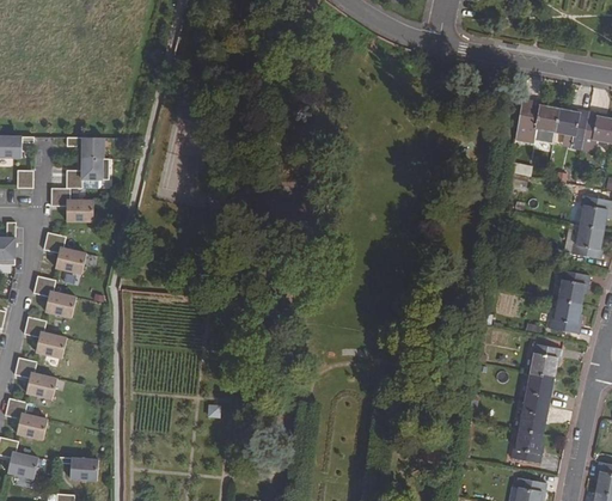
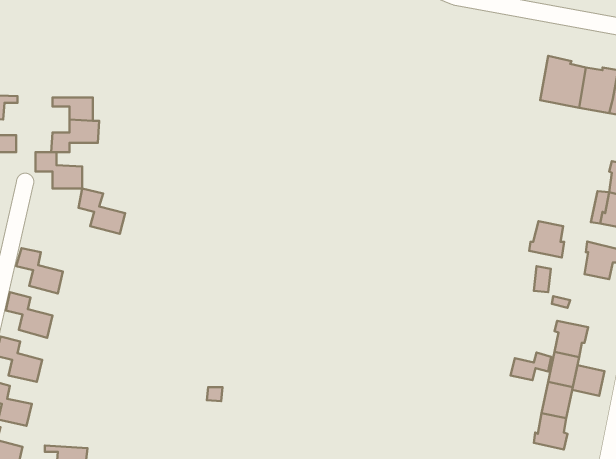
building: [44,232,87,274] -> [78,188,125,234]
building: [549,300,581,334] -> [529,221,564,257]
building: none -> [510,353,551,380]
building: none -> [572,365,605,396]

